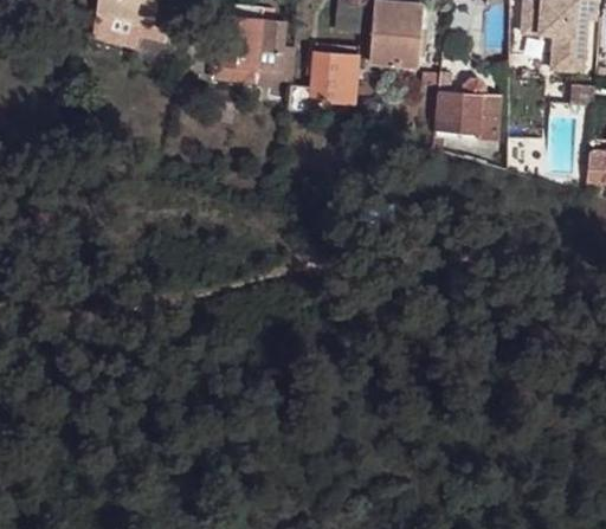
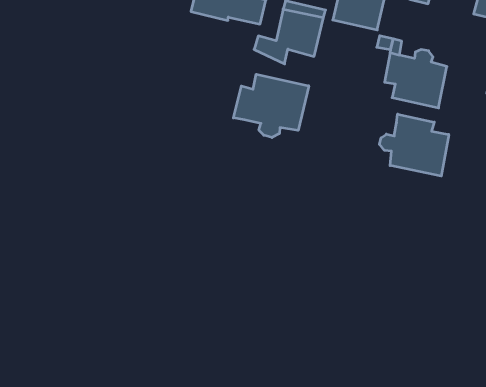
building: none -> [233,74,309,138]
building: none -> [379,114,449,176]

